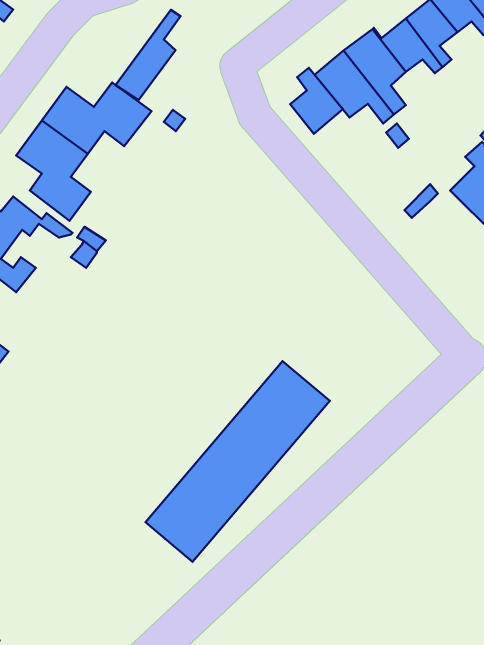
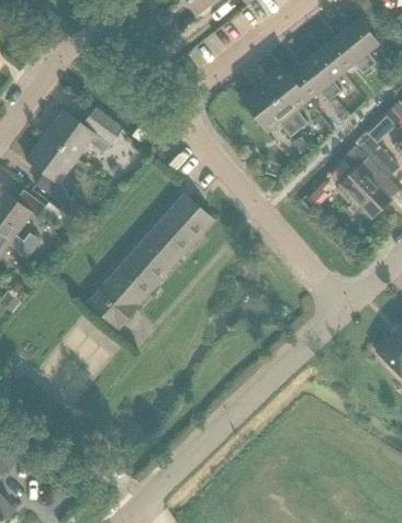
building: [116,10,181,100] -> none
building: [290,68,343,134] -> none
building: [145,361,330,562] -> [86,197,219,342]

